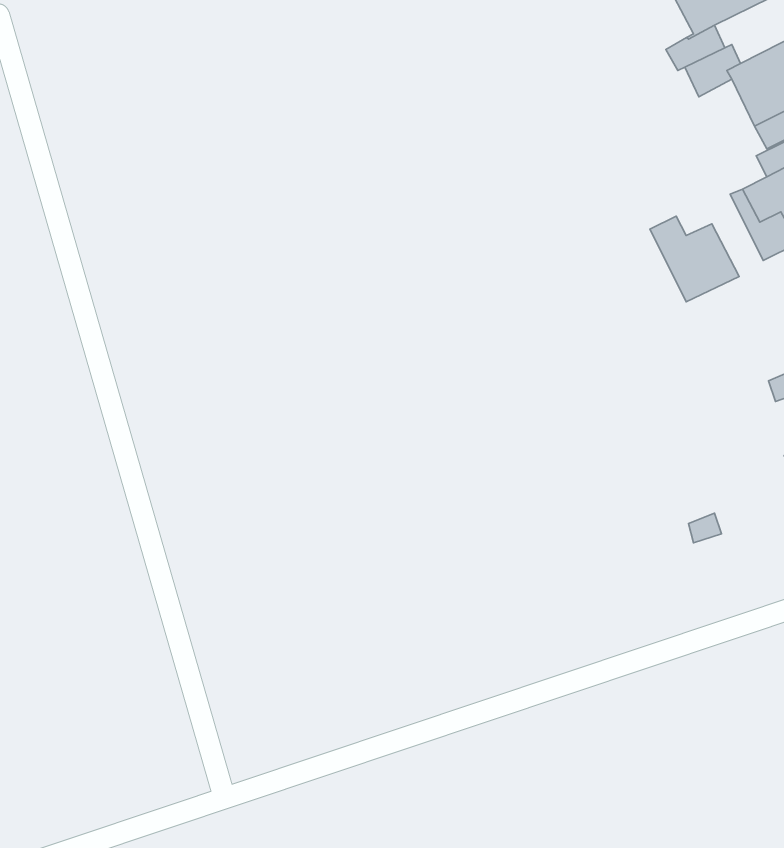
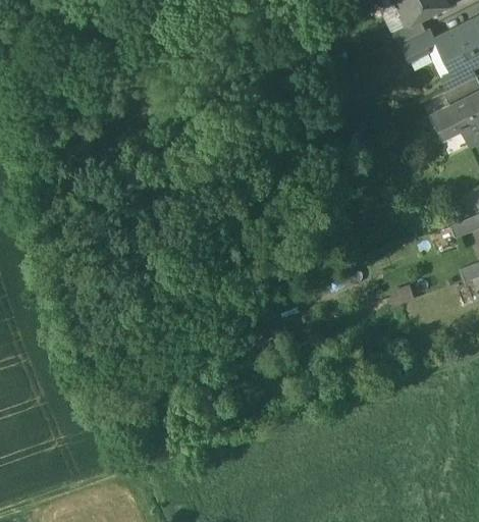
building: [650,216,739,302] -> none

